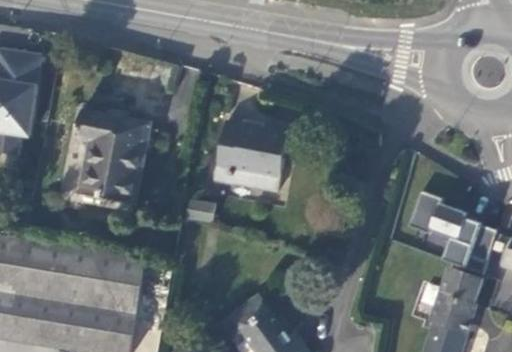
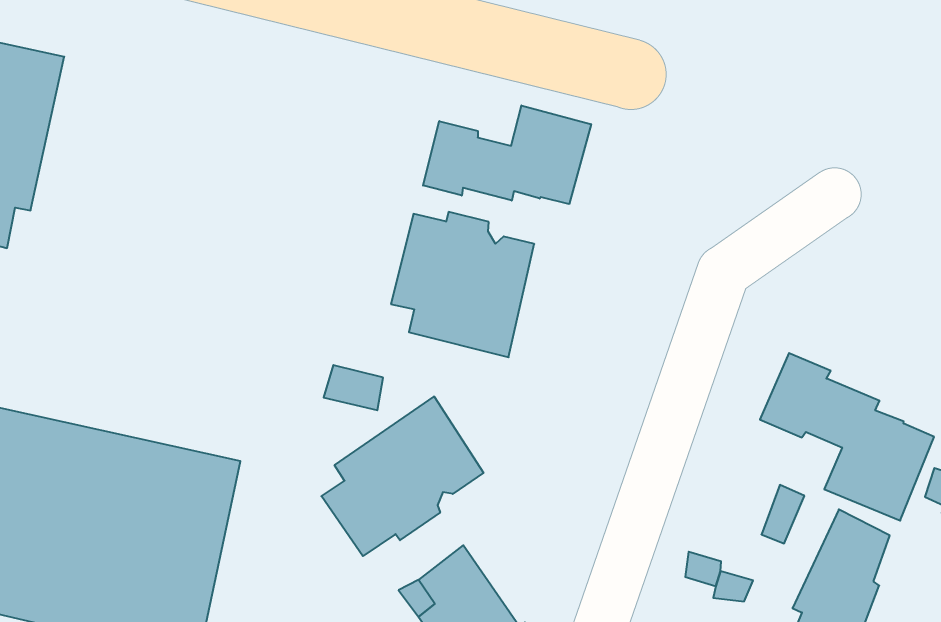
building: none -> [423,105,591,204]
building: [75,111,151,205] -> none
building: none -> [321,396,483,556]

